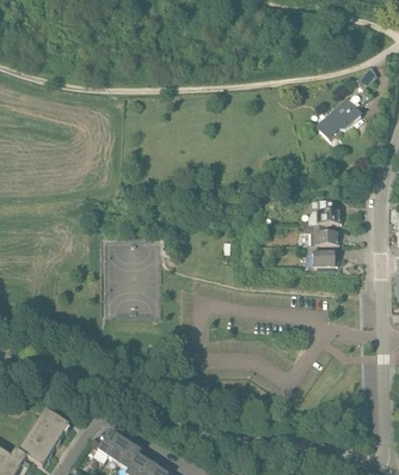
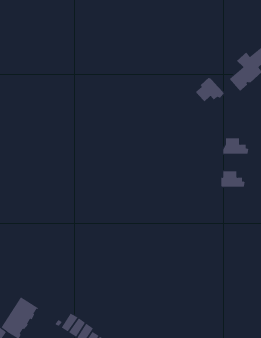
building: none -> [195,77,225,102]
building: [306,223,342,244] -> none

